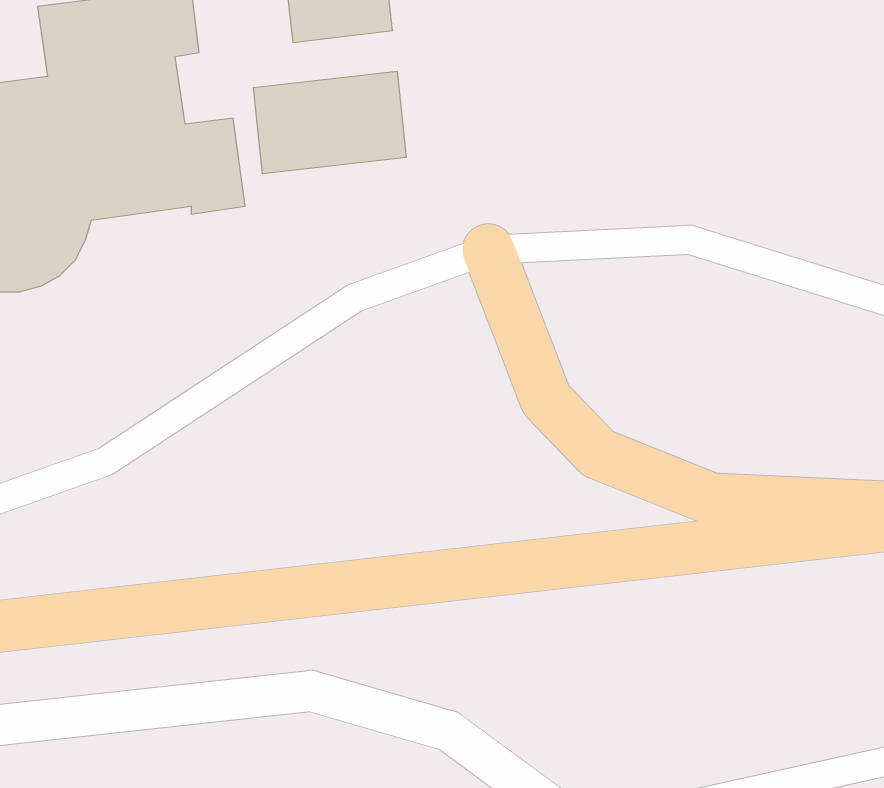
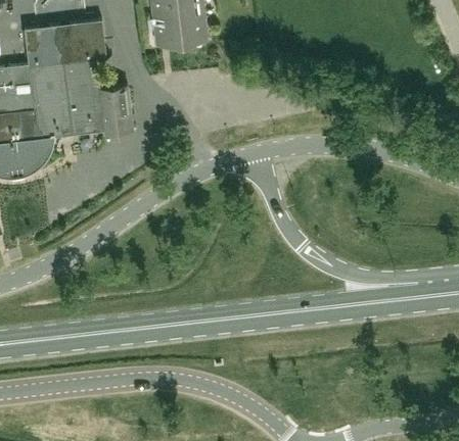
building: [253,71,406,174] -> none

